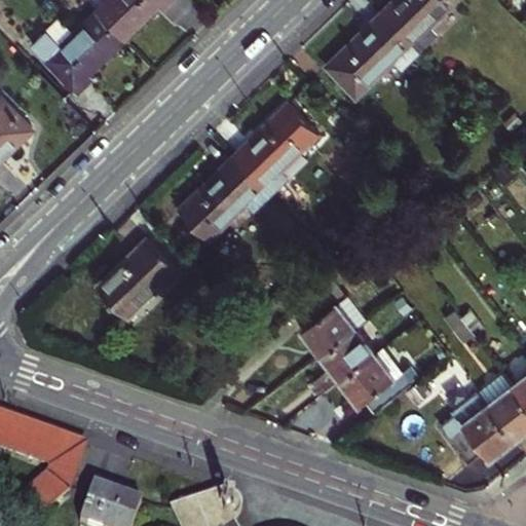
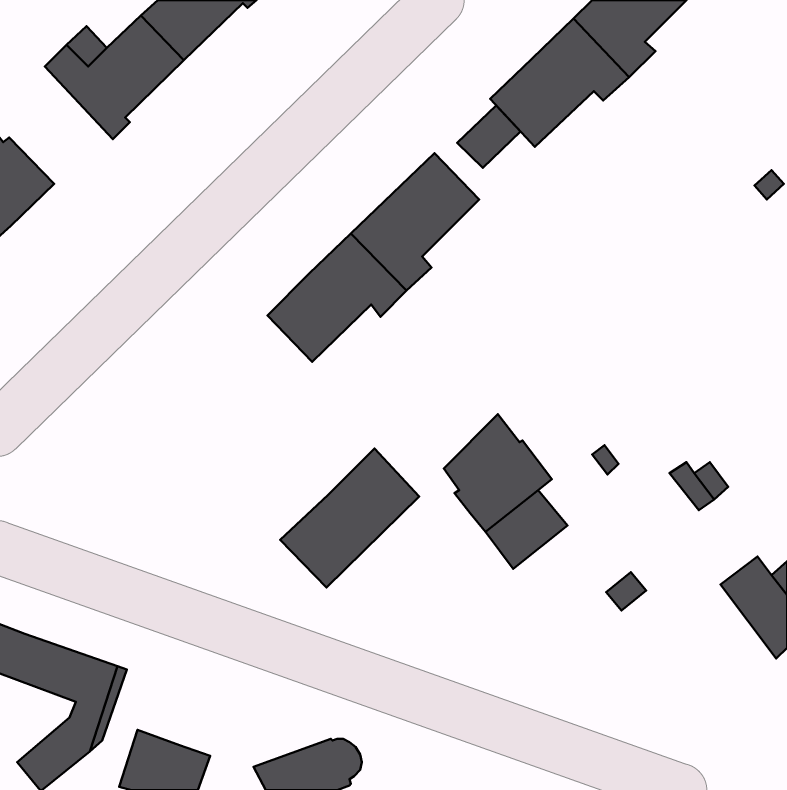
building: none -> [457,105,520,168]
building: [85,236,178,329] -> [280,448,419,588]
building: [341,345,412,410] -> none
building: [440,388,516,460] -> none

